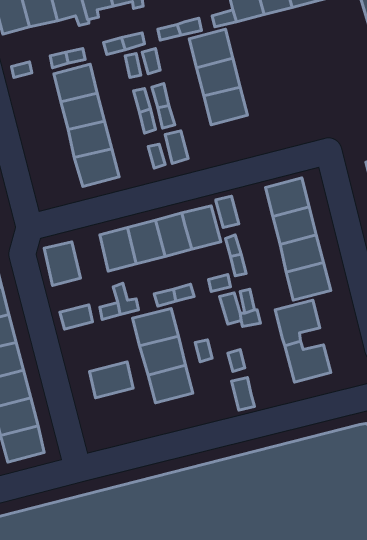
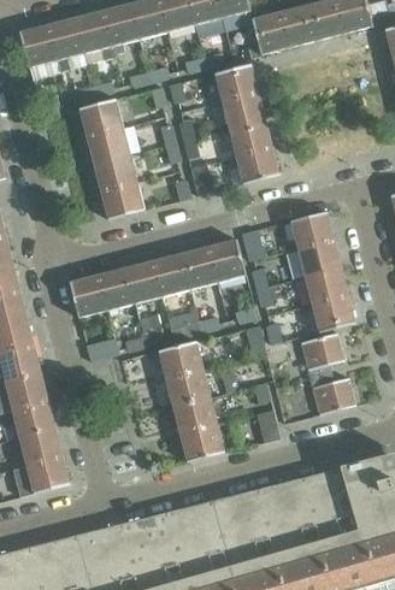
building: none -> [236,148,279,184]
building: none -> [98,267,134,311]
building: [90,362,133,398] -> [181,425,224,461]

